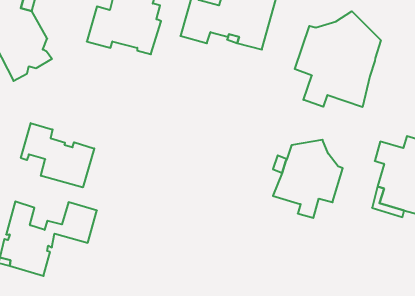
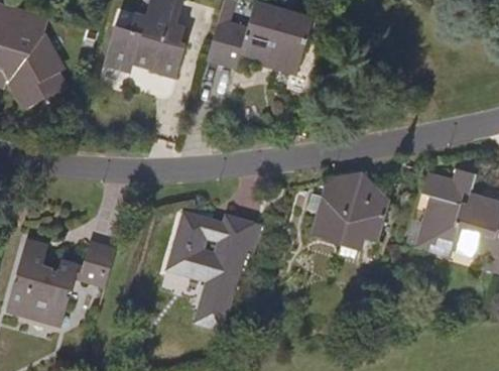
building: [295,11,381,107] -> none
building: [21,123,94,187] -> none
building: none -> [163,212,258,333]

